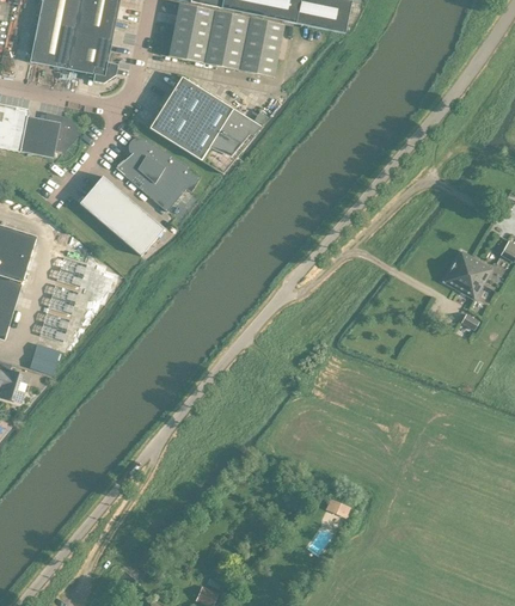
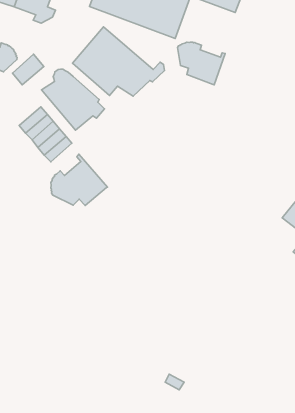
building: none -> [177,42,225,85]
building: [79,175,117,215] -> [13,54,44,85]
building: none -> [51,154,107,205]

